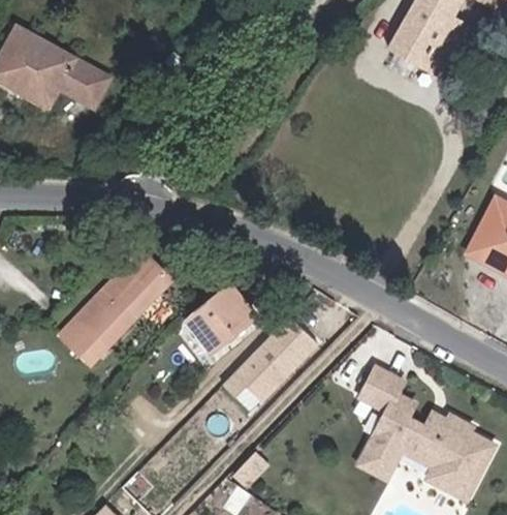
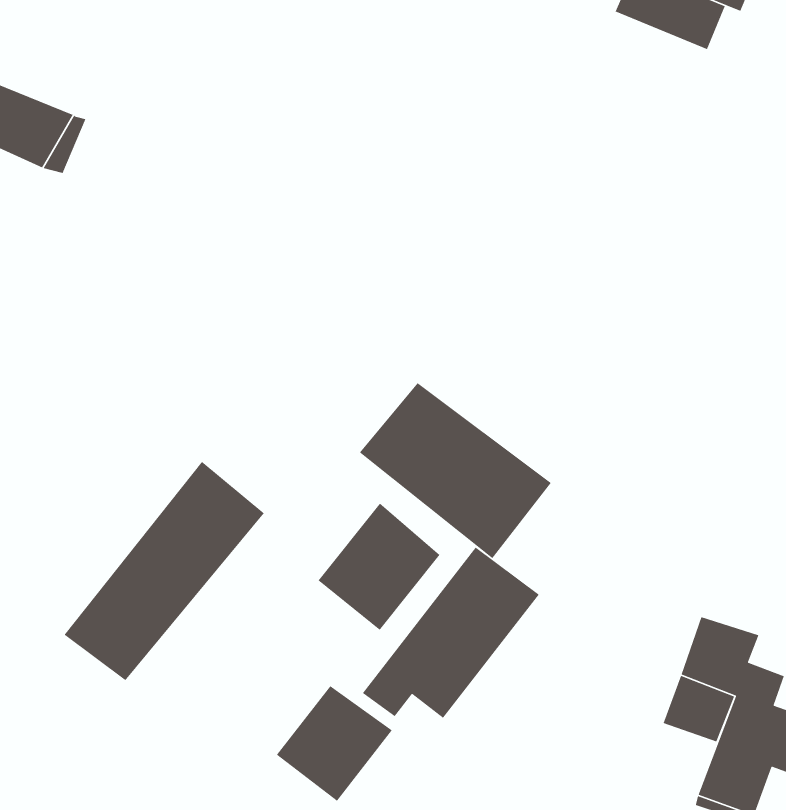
building: none -> [359,382,552,559]
building: none -> [276,685,393,802]

